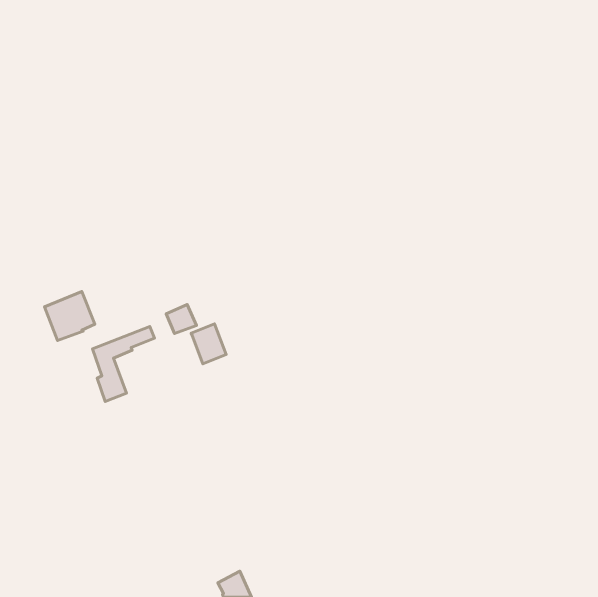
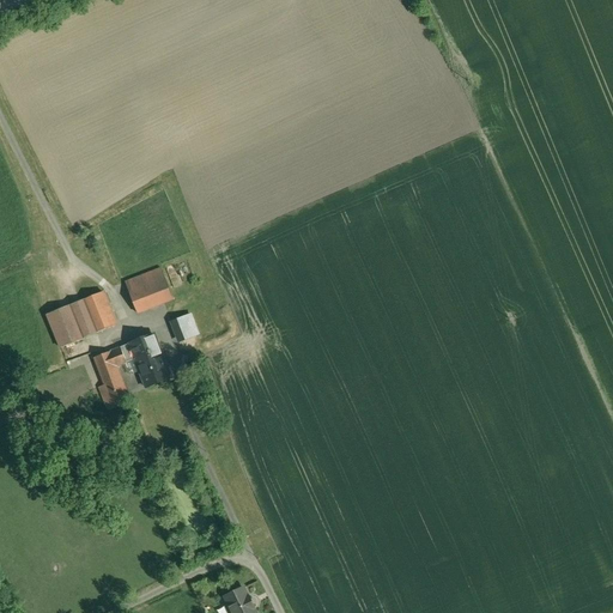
building: none -> [125,267,174,312]
building: none -> [84,291,116,332]
building: [191,324,226,364] -> [134,346,170,387]

